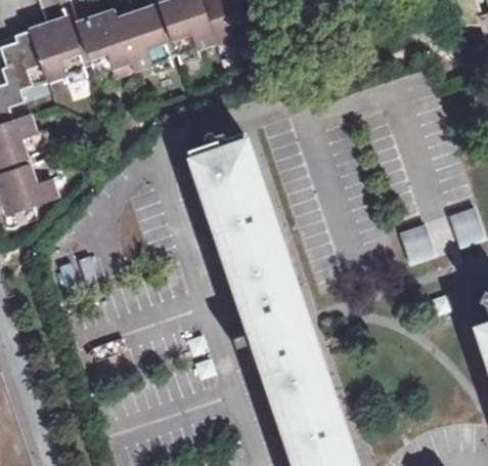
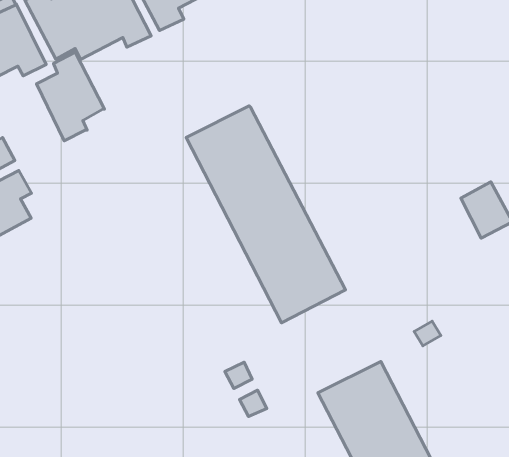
building: none -> [37,52,105,141]
building: [241,288,315,367] -> none

